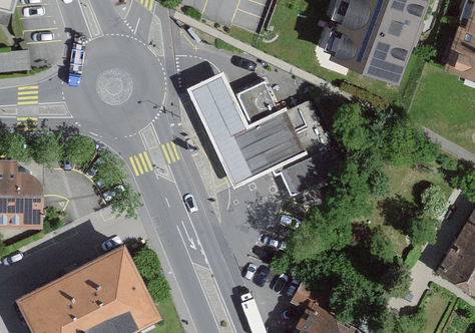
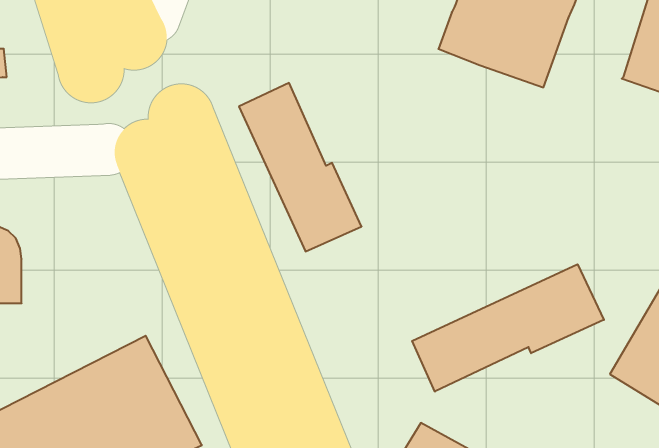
building: [235,83,346,198] -> none
building: none -> [412,264,604,392]

